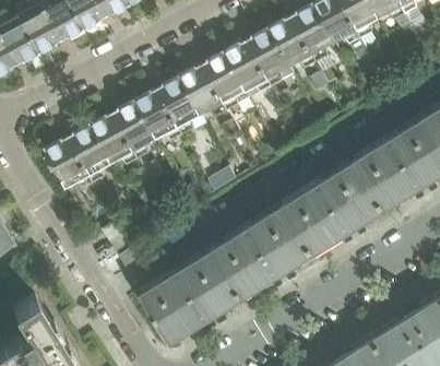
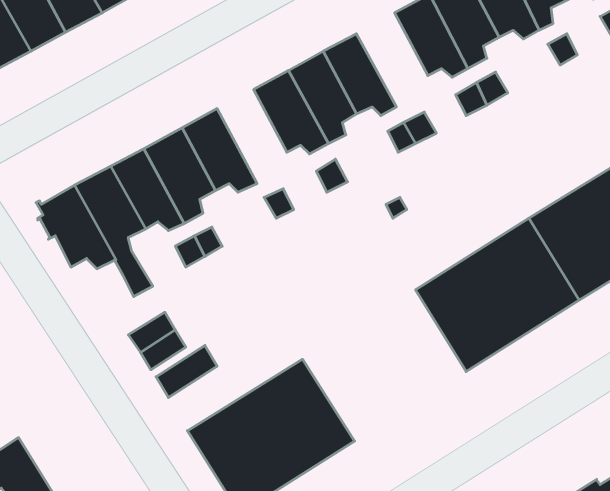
building: [247,28,292,87] -> none
building: [159,76,203,135] -> none
building: [213,202,316,297] -> none

